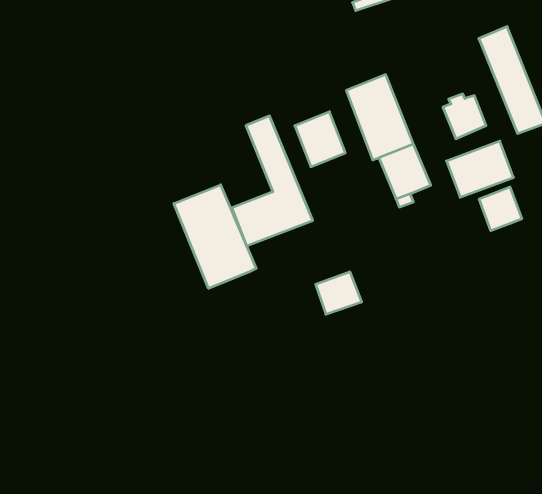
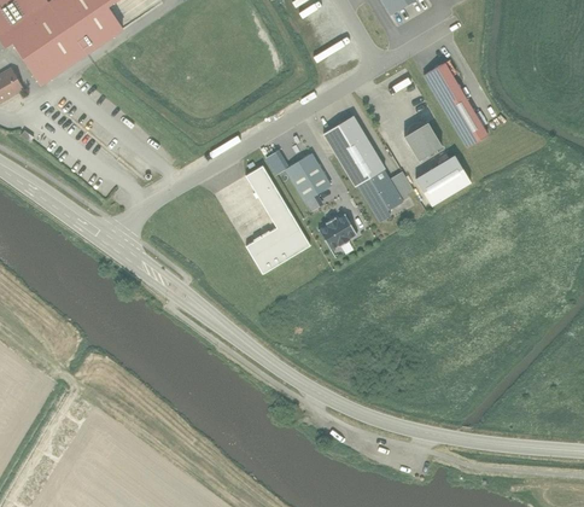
building: [174,185,256,288] -> none
building: [479,187,522,231] -> none
building: [316,272,362,314] -> [316,211,356,249]

